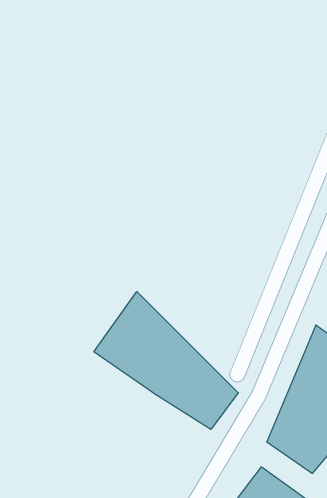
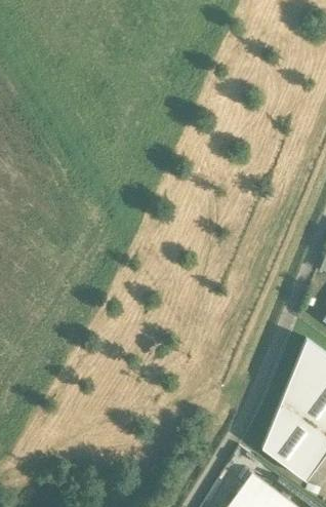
building: [94,292,238,429] -> none

